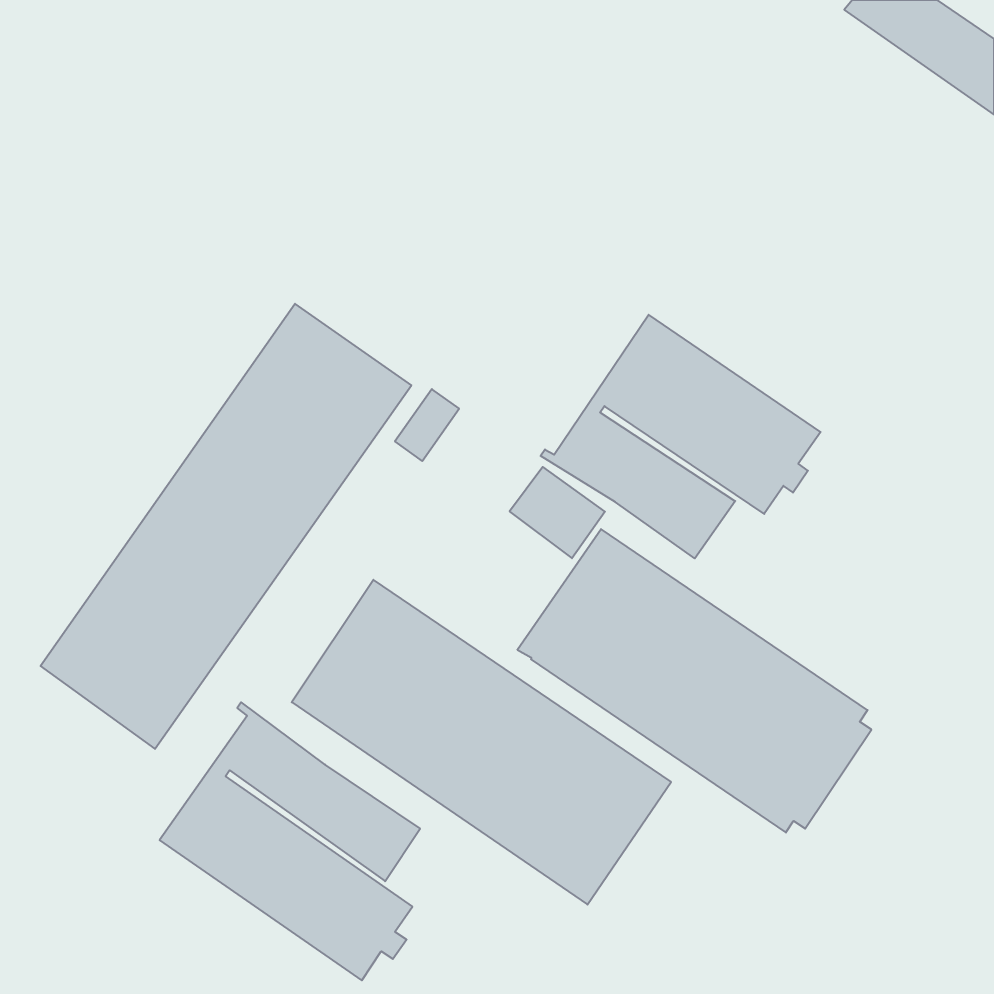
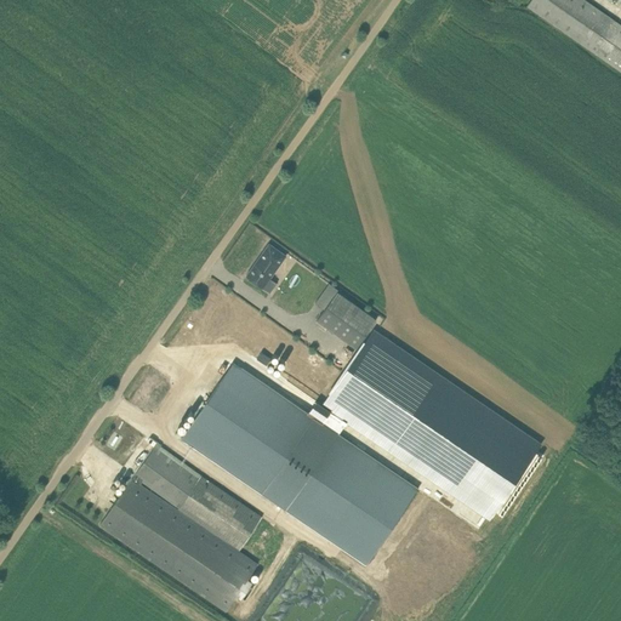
building: [41,304,411,749] -> none
building: [541,315,821,558] -> none

